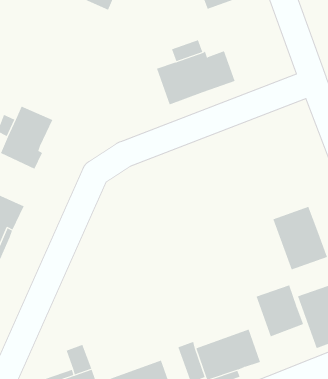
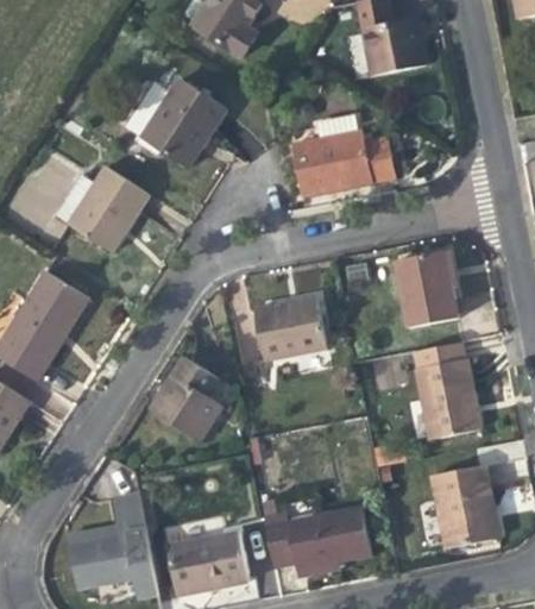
building: none -> [141,79,227,168]
building: none -> [395,251,457,327]
building: none -> [253,299,326,359]
building: none -> [149,357,221,440]
building: [256,284,304,337] -> none

